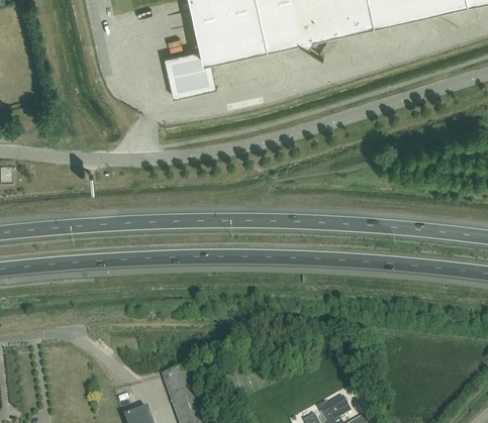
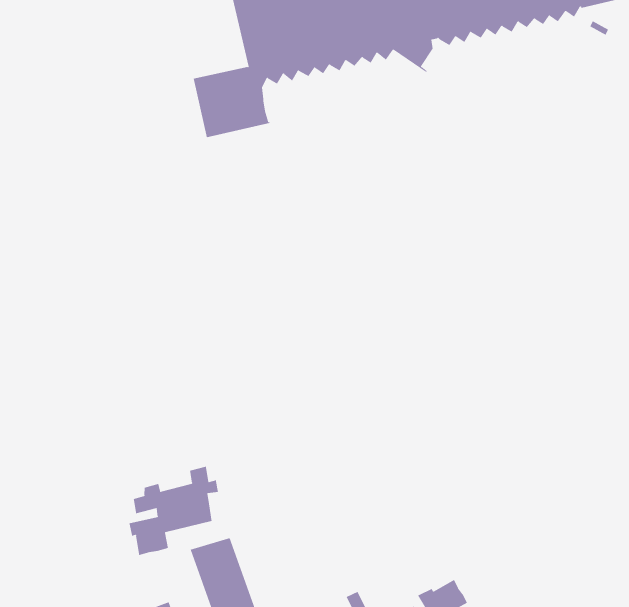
building: none -> [129,466,218,556]

